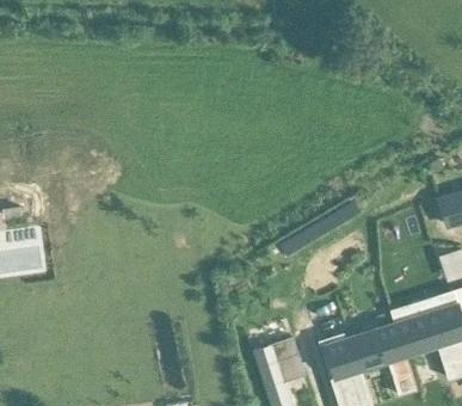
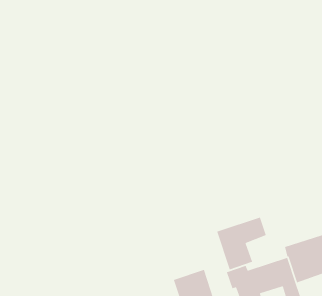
building: none -> [216,217,267,271]

